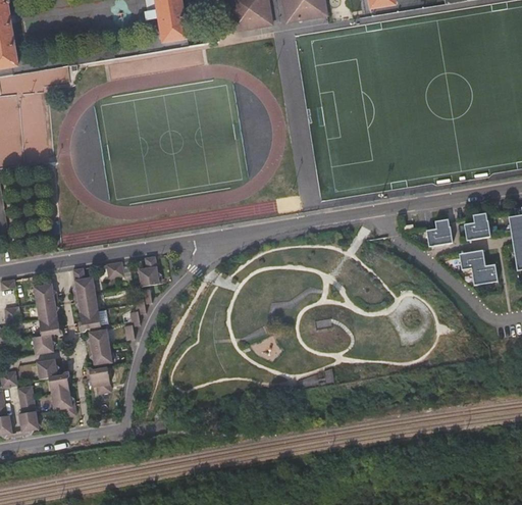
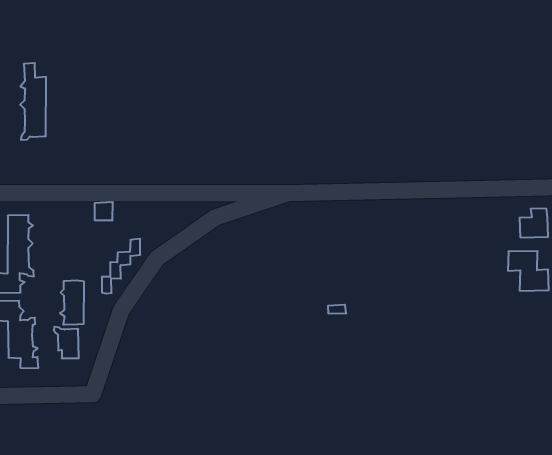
building: [426,218,453,246] -> none
building: [137,256,160,287] -> none
building: [72,267,100,334] -> [20,63,46,140]

